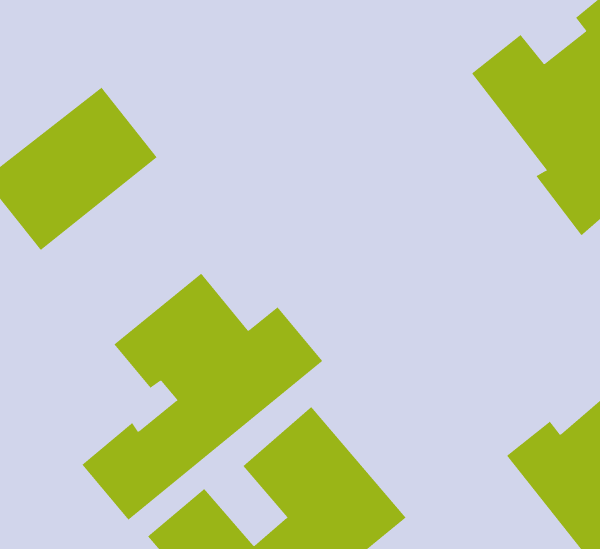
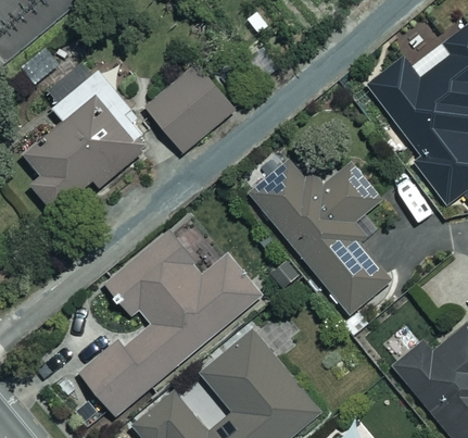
building: none -> [147,58,241,152]
building: none -> [250,158,390,313]

